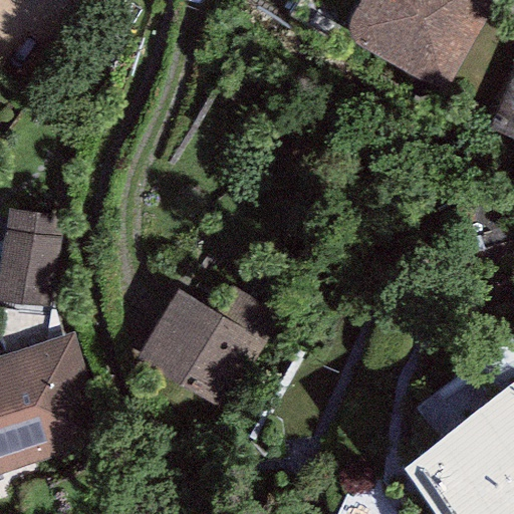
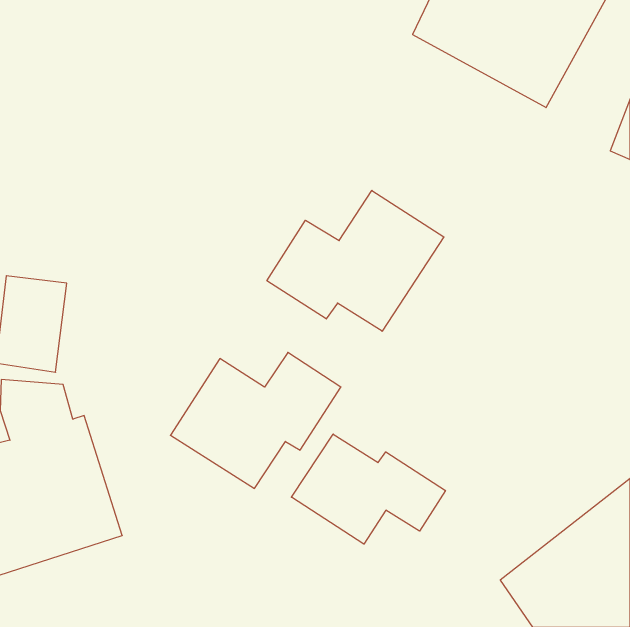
building: none -> [267,190,444,331]
building: none -> [291,434,445,544]

